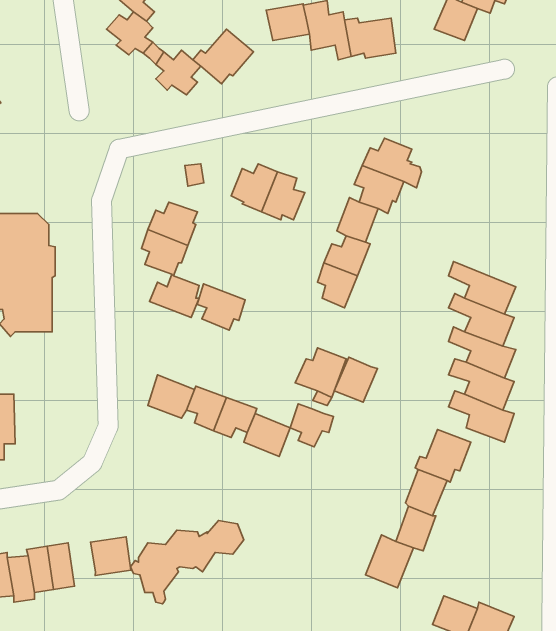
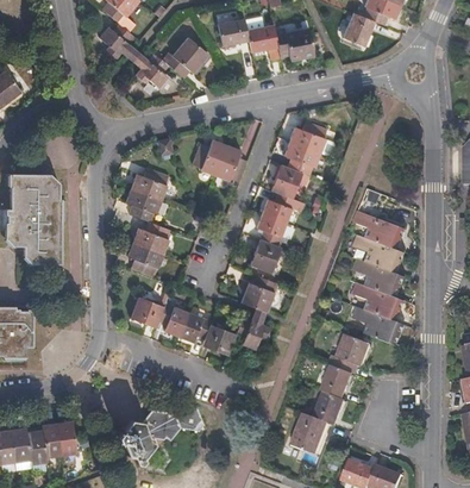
building: [197,284,245,330] -> [126,240,162,275]
building: [334,357,377,402] -> [249,238,281,271]
building: [90,537,131,575] -> none

